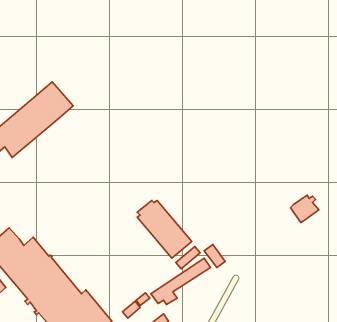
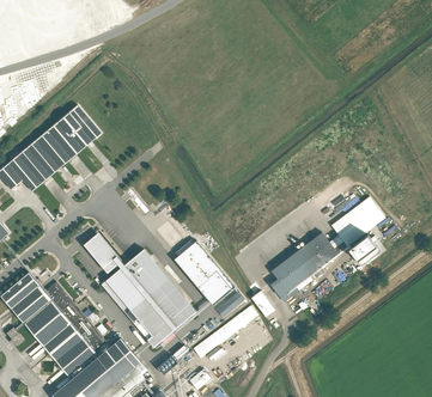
building: none -> [330,196,384,246]
building: none -> [269,232,337,301]
building: none -> [87,236,195,347]

